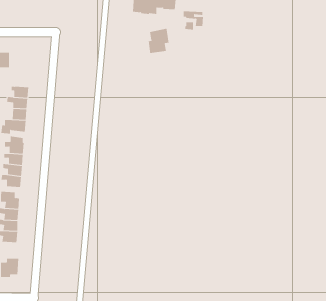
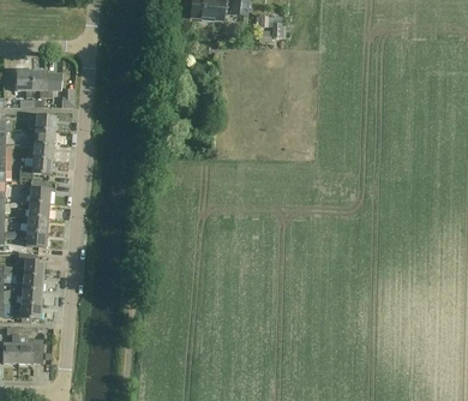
building: [148,28,169,54] -> none
building: none -> [31,70,62,97]

